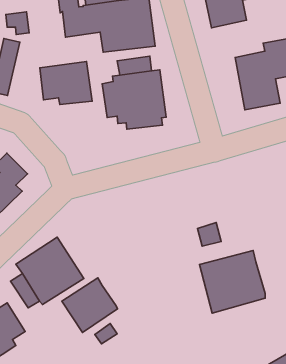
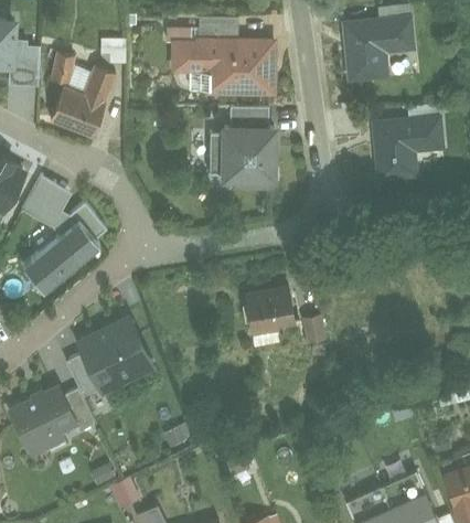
building: [40,61,92,105] -> none
building: none -> [245,285,297,334]
building: [199,250,265,313] -> none
building: [62,278,117,333] -> none

